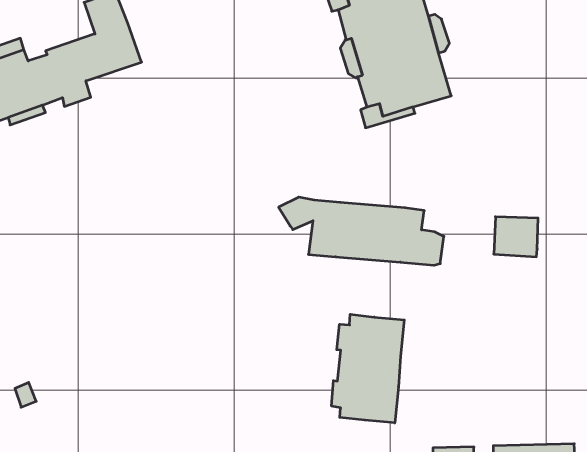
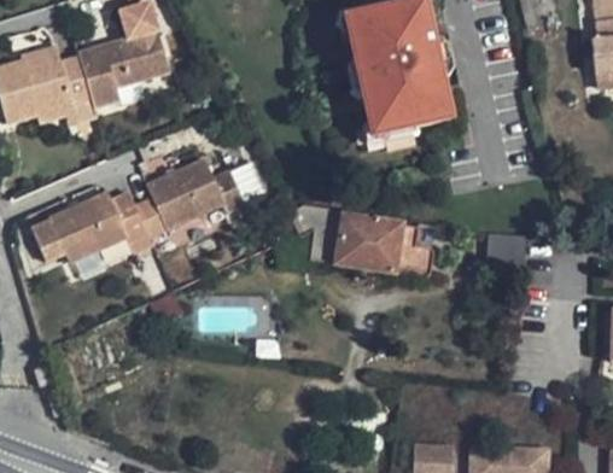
building: none -> [33,158,241,263]
building: [332,314,404,423] -> none

